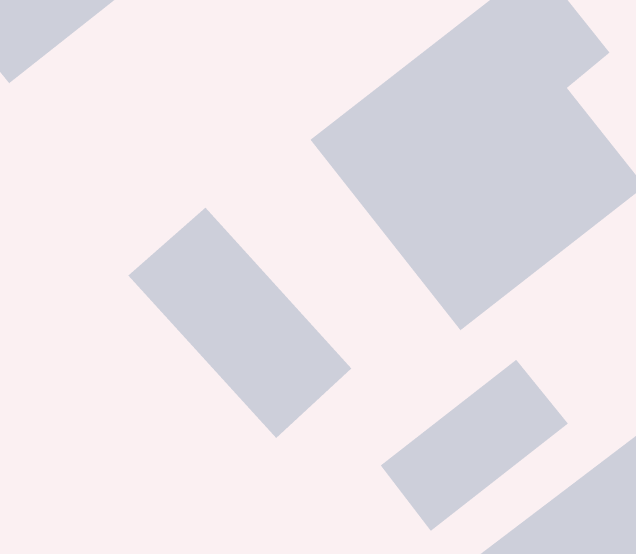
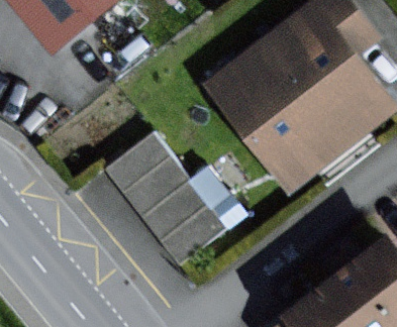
building: [380,359,569,532] -> none

